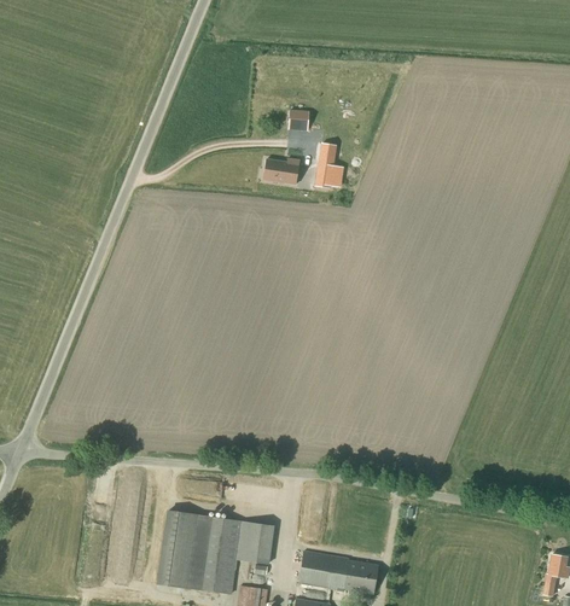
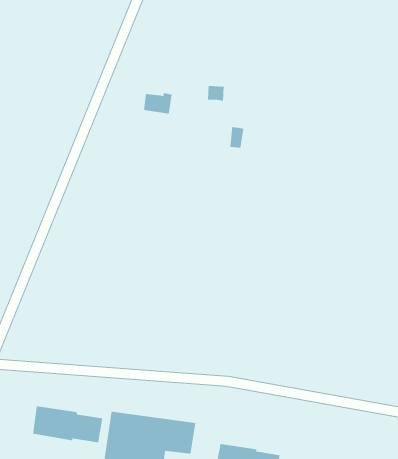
building: [262,158,298,185] -> [143,93,173,114]
building: none -> [32,405,103,443]

